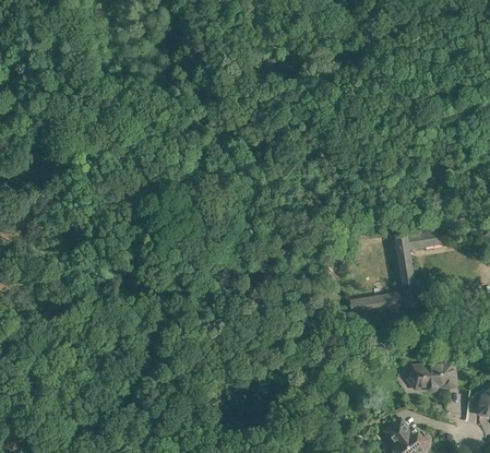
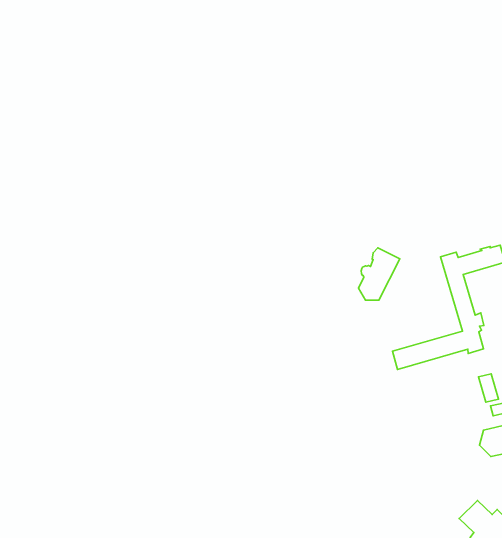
building: none -> [358,248,400,300]

